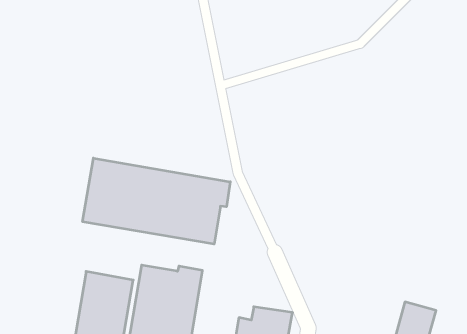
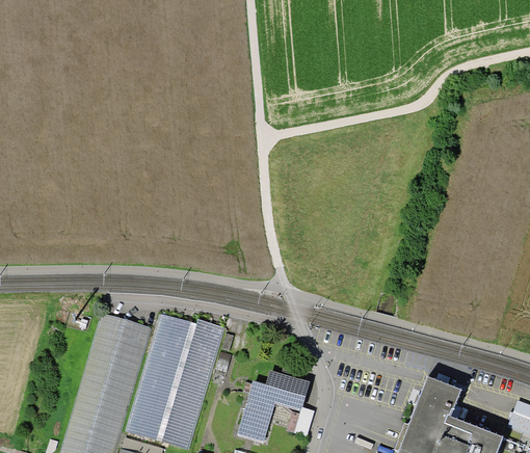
building: [83,158,230,244] -> none

